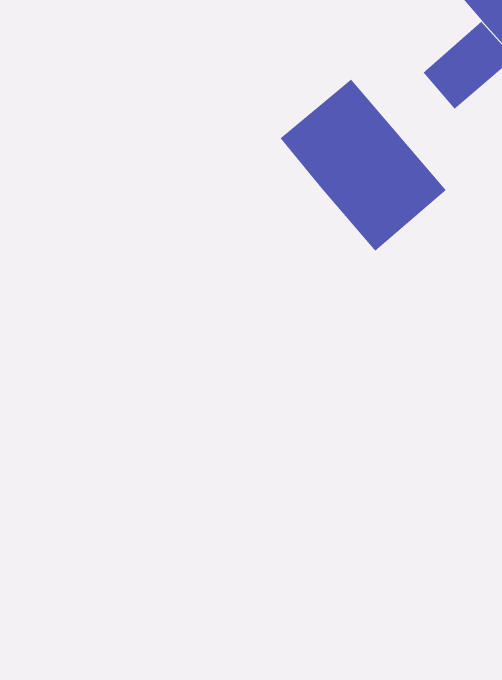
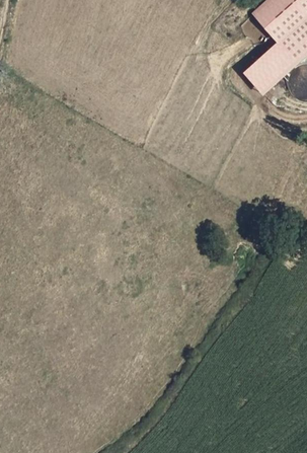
building: [280,78,447,252] -> none

